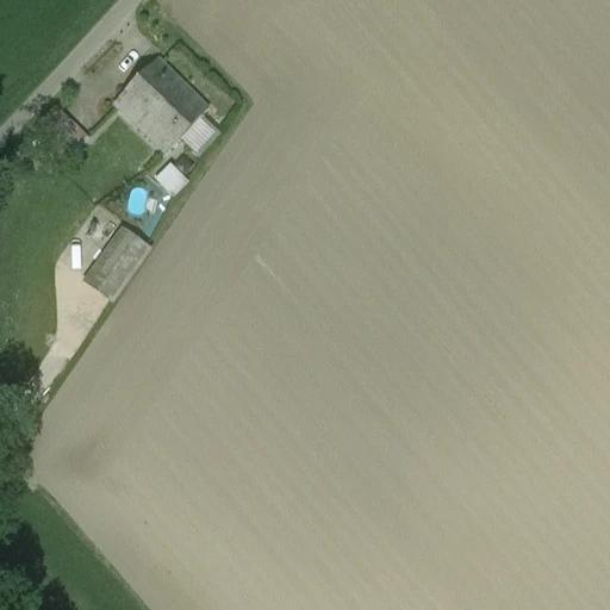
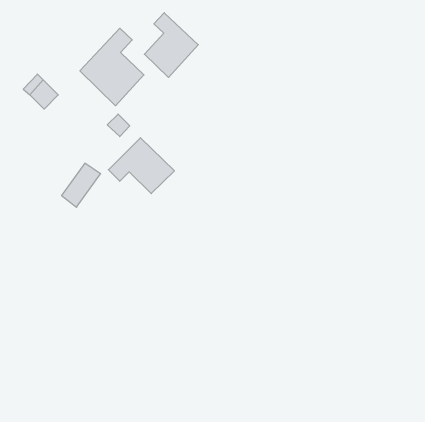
building: none -> [144,13,198,77]
building: none -> [108,138,174,194]

